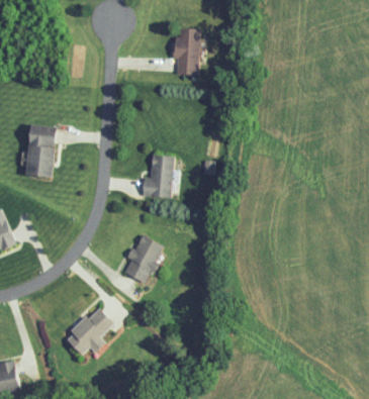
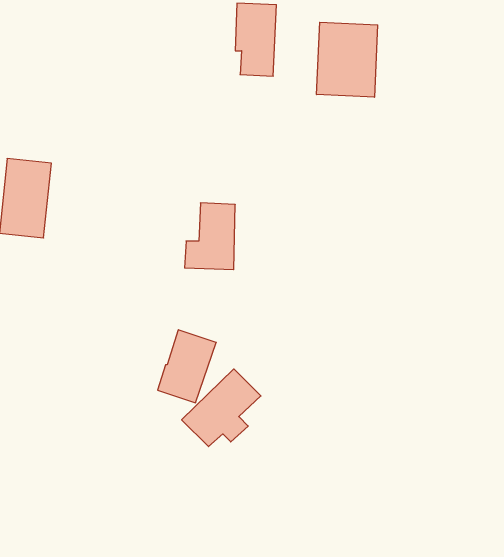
building: none -> [317,22,378,97]
building: [64,306,114,356] -> [182,369,261,447]

